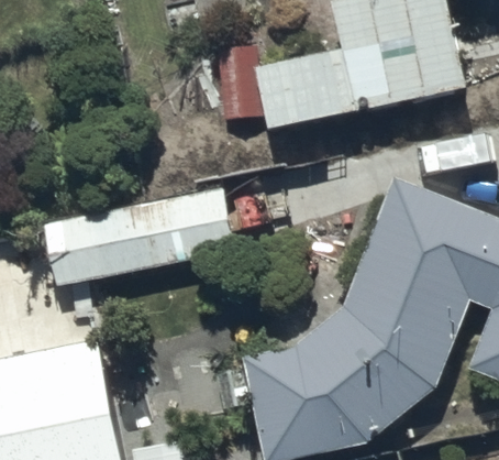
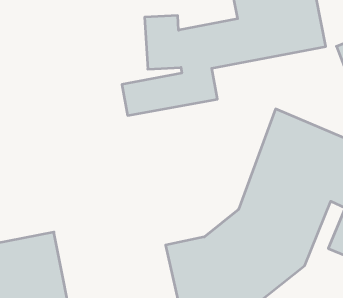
building: [42,188,233,286] -> none

